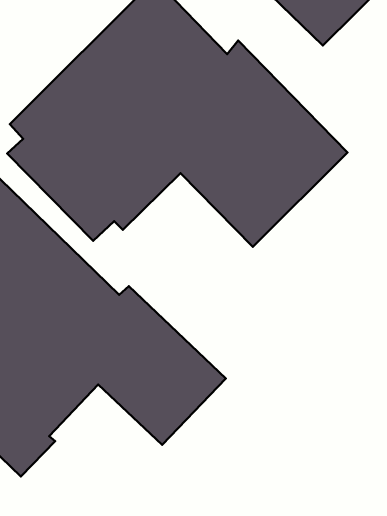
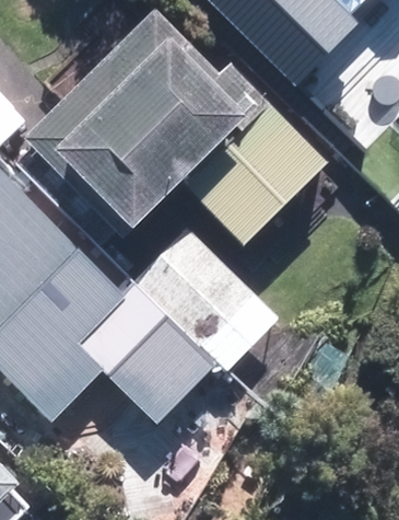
building: none -> [131,227,279,372]

